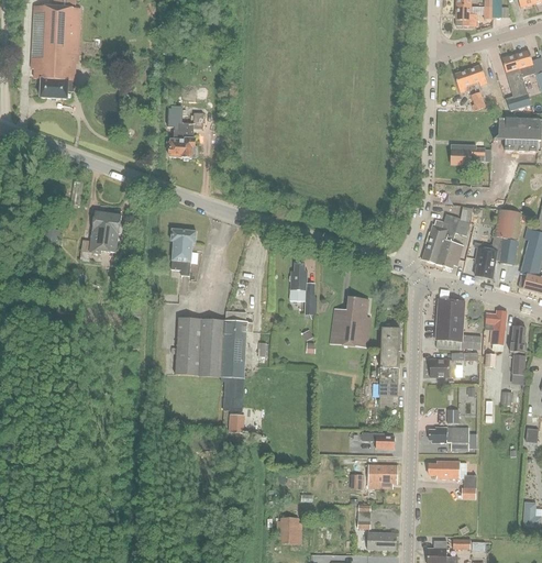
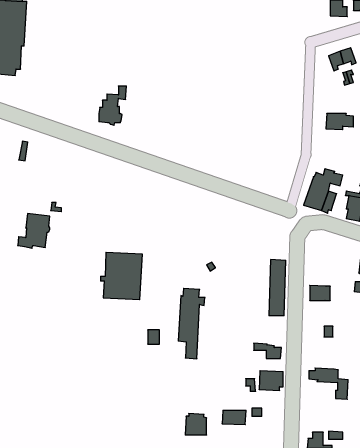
building: [81,210,121,253] -> [18,214,50,248]
building: [172,228,197,274] -> none
building: [290,261,317,313] -> none
building: [331,296,370,345] -> none
building: [435,298,482,349] -> none
building: [220,310,253,397] -> [178,288,205,359]
building: [429,426,468,450] -> none
building: [367,531,397,549] -> [222,410,246,425]

